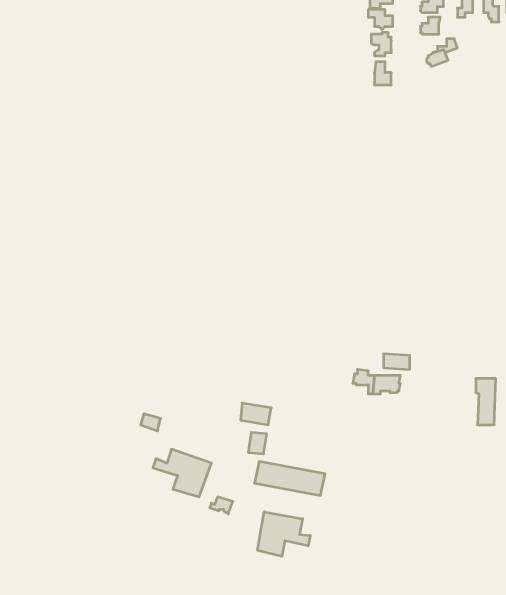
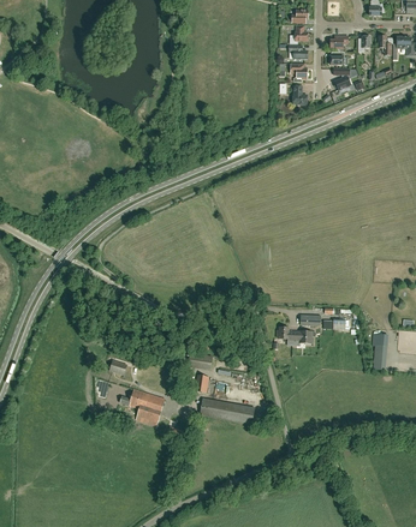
building: [258,512,310,556] -> none

